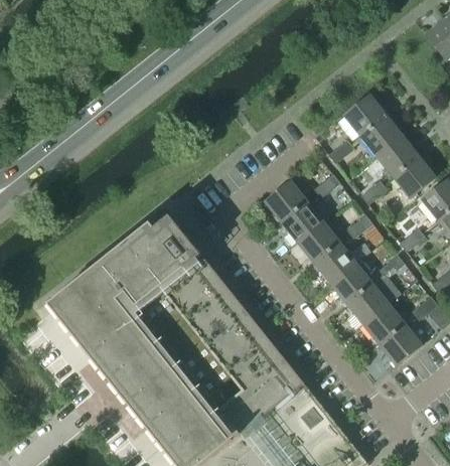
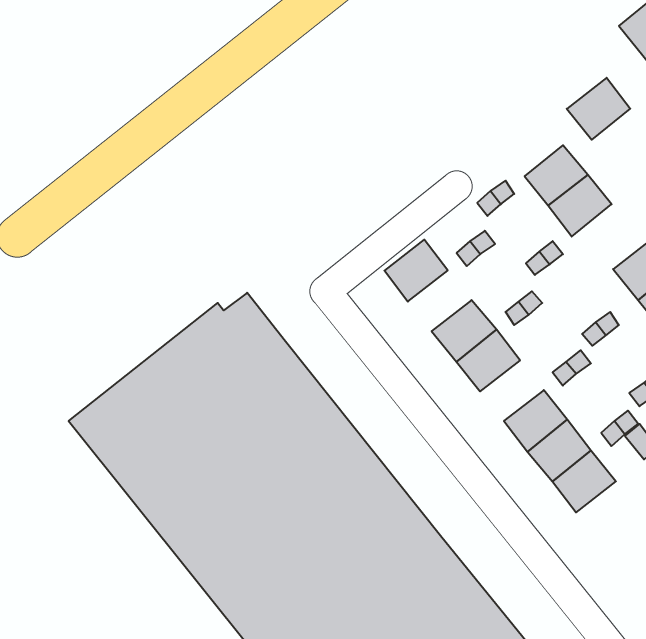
building: [342,95,386,137] -> [567,78,630,140]
building: [392,156,435,199] -> none
building: [280,201,323,243] -> none
building: [329,263,372,304] -> none

